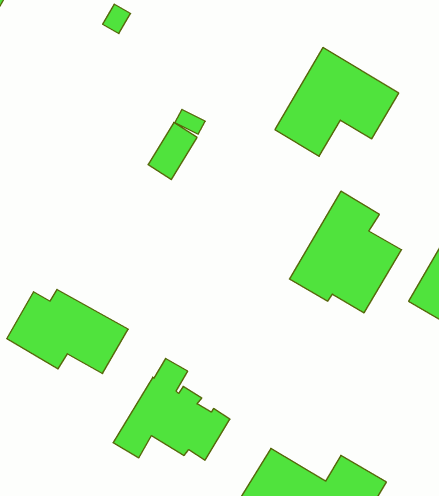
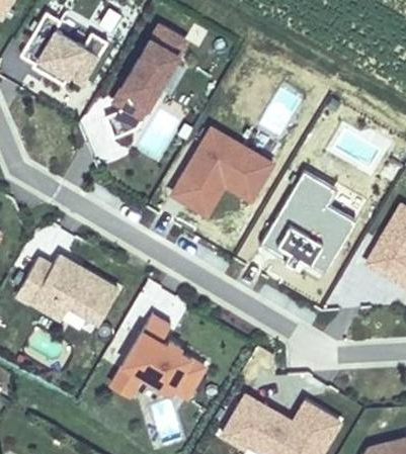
building: none -> [19,11,108,88]
building: none -> [105,21,189,137]
building: [275,48,399,156] -> [168,124,275,218]

